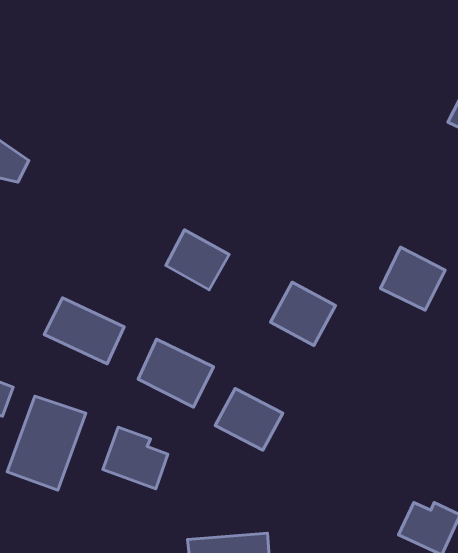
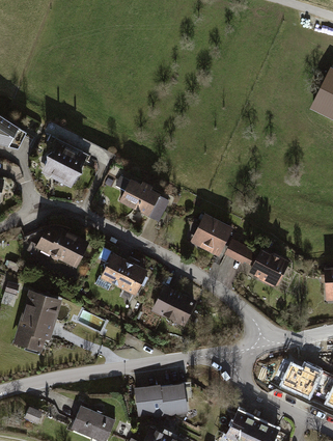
building: none -> [43,139,92,189]
building: [380,247,445,310] -> [251,248,295,291]
building: none -> [223,240,252,267]
building: [103,427,168,489] -> none

